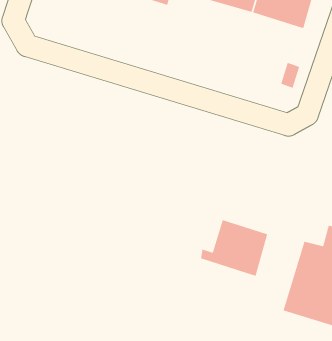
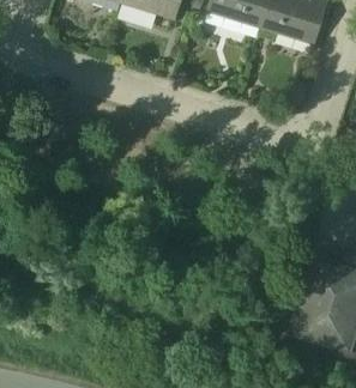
building: [200,219,268,277] -> none

